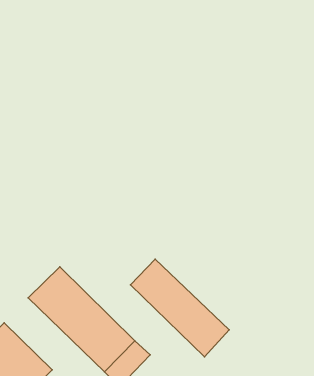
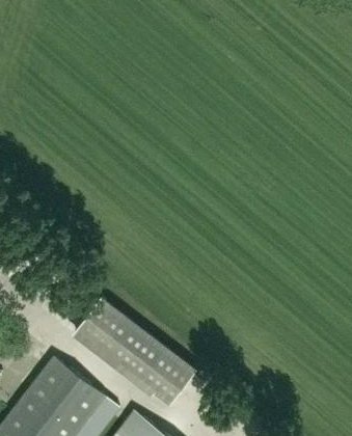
building: [130,259,229,357] -> none

